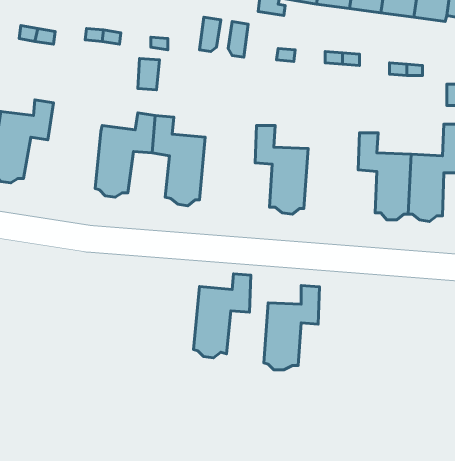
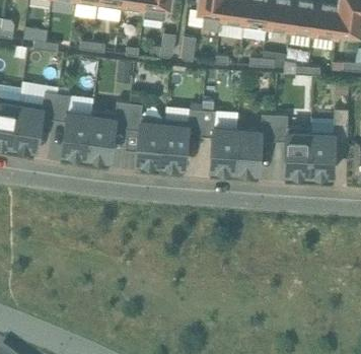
building: none -> [54,93,91,157]
building: [194,274,251,358] -> [161,109,202,168]
building: [264,286,320,370] -> [235,114,275,173]

